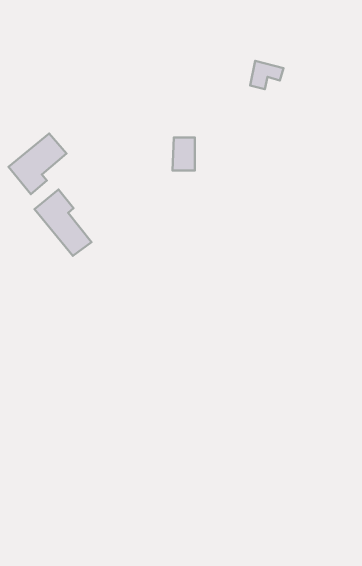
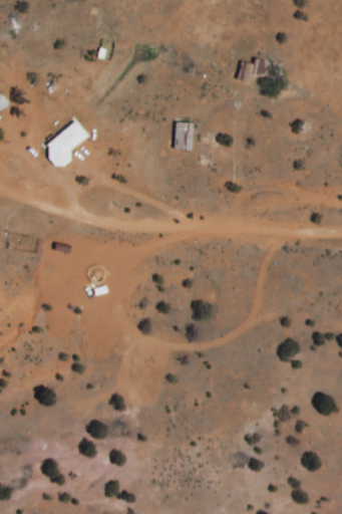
building: [34,189,91,256] -> none

